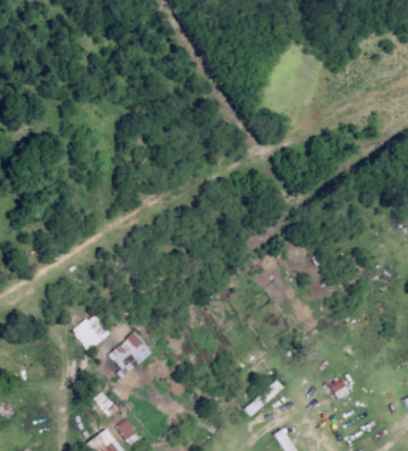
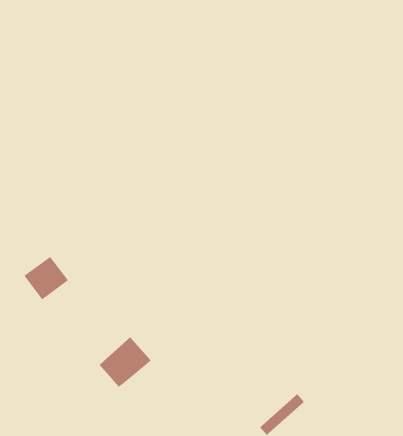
building: [70,313,109,350] -> [23,256,69,300]

